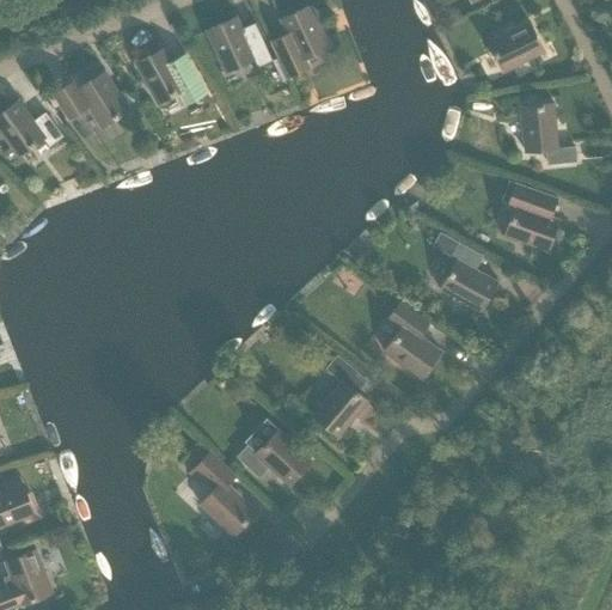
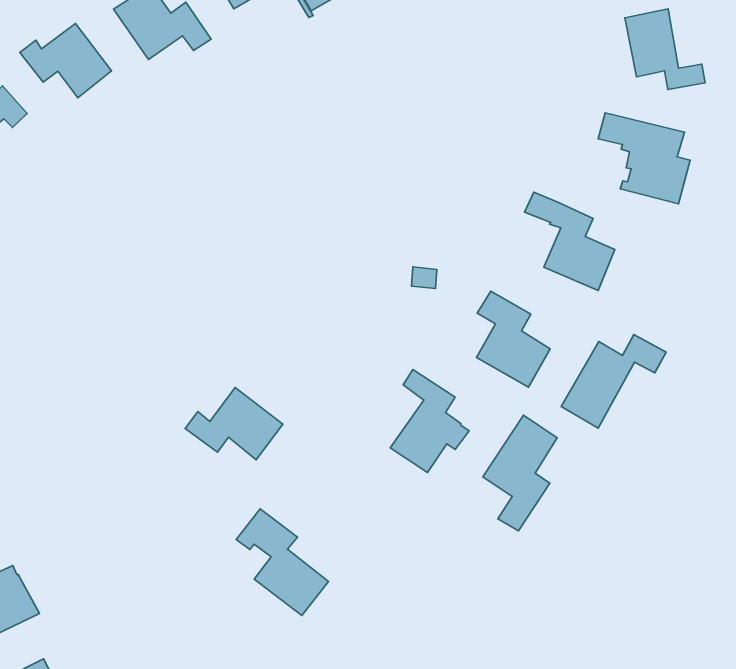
building: none -> [561,335,666,428]
building: none -> [483,415,557,531]
building: [237,429,311,486] -> [185,387,283,460]

